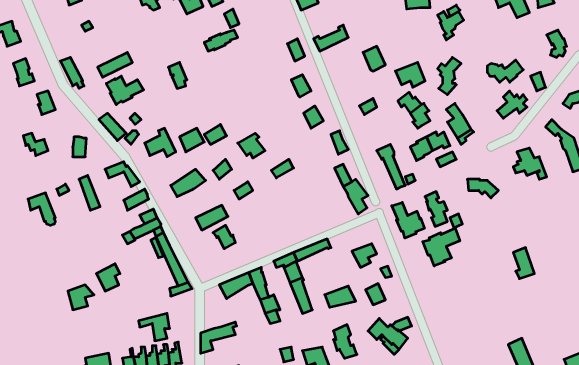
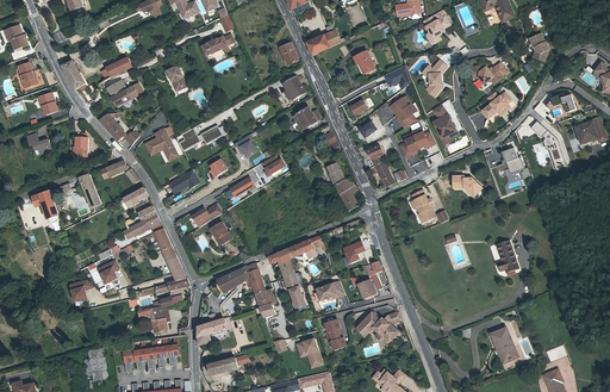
building: [392,202,424,238] -> none
building: [423,228,460,266] -> none

